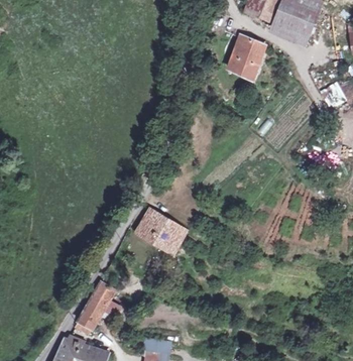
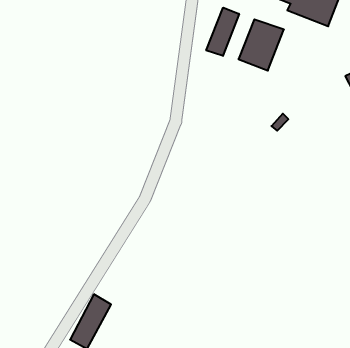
building: none -> [206,8,239,56]
building: [133,206,189,256] -> none

